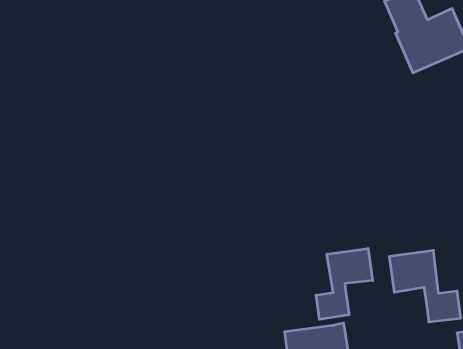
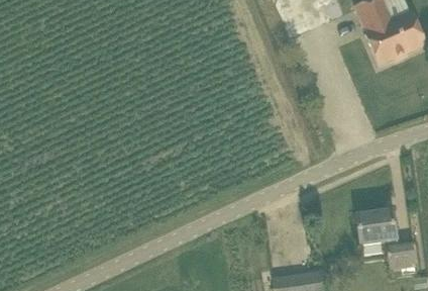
building: [316,248,373,319] -> none

